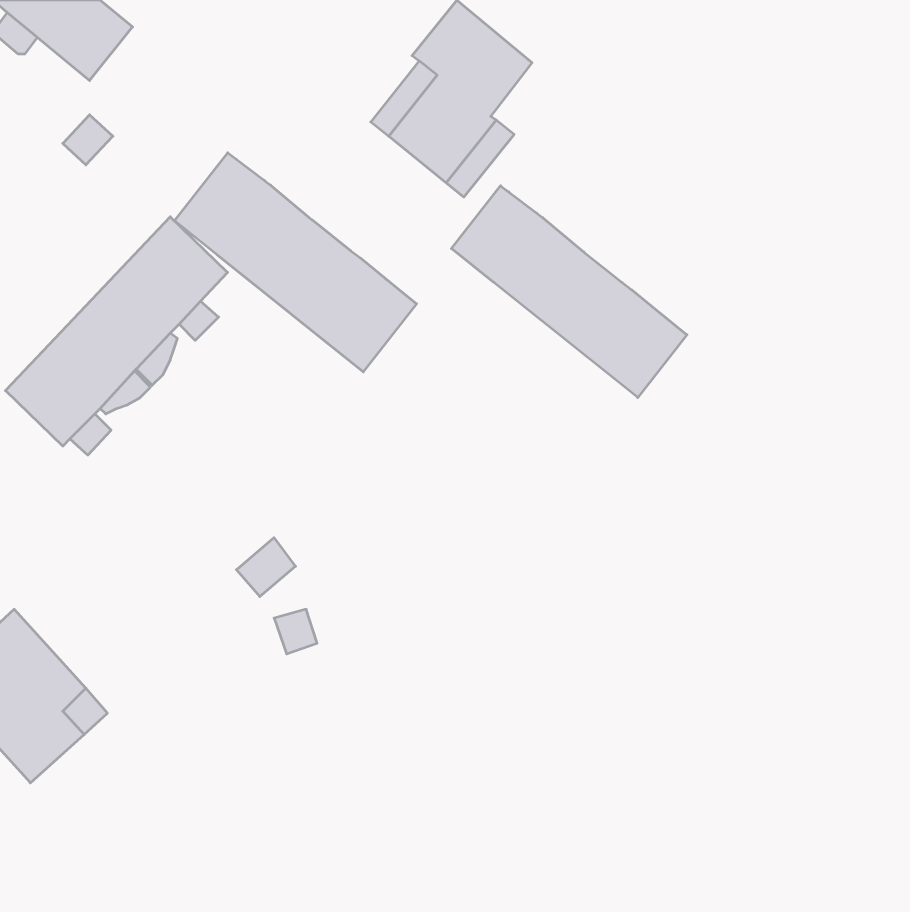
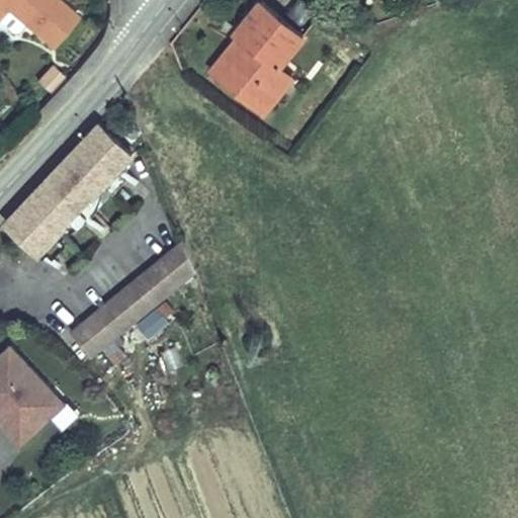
building: [174,153,417,372] -> none
building: [451,186,687,398] -> none
building: none -> [68,242,193,356]

